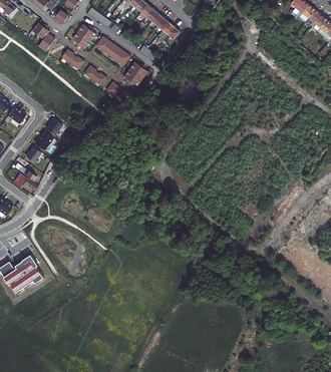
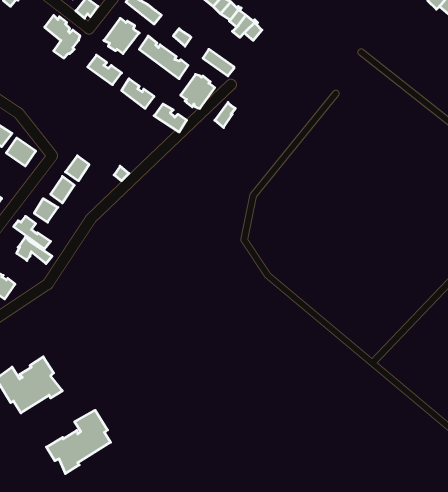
building: none -> [46,410,111,474]

